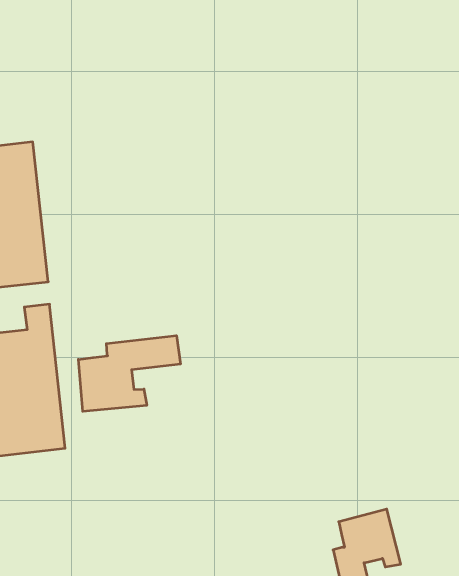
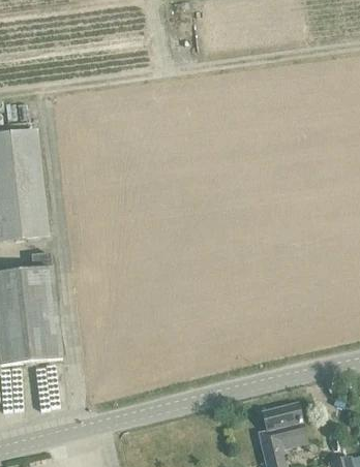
building: [78,336,180,411] -> none

